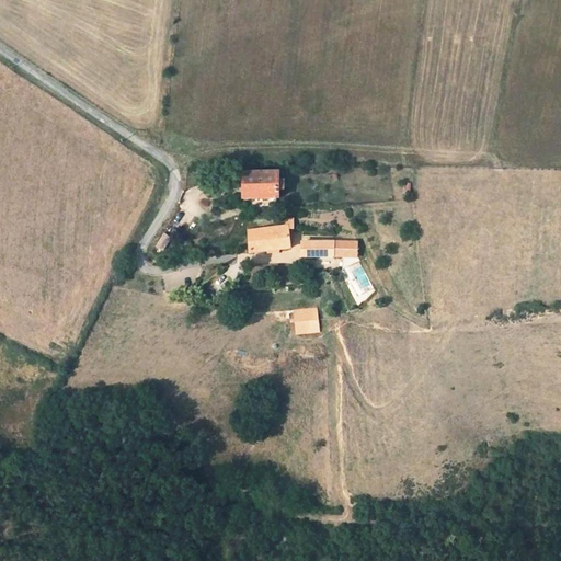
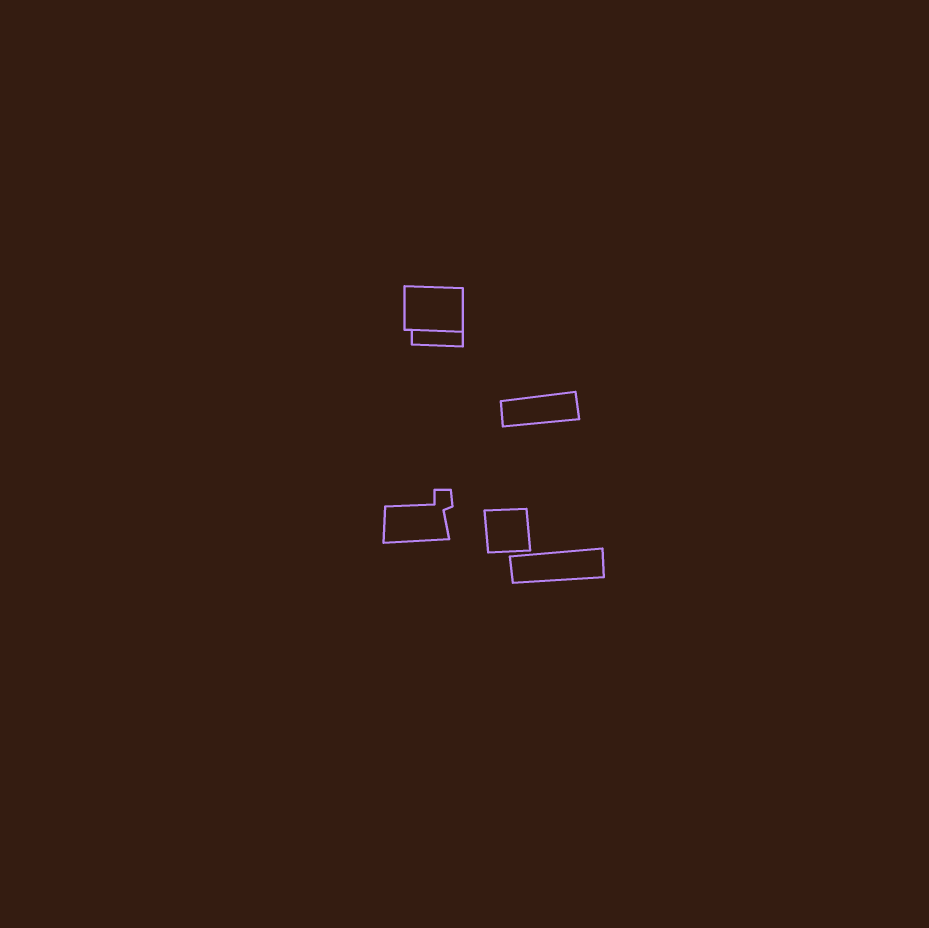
building: [250,218,291,250] -> [383,490,453,543]
building: none -> [510,549,604,583]

